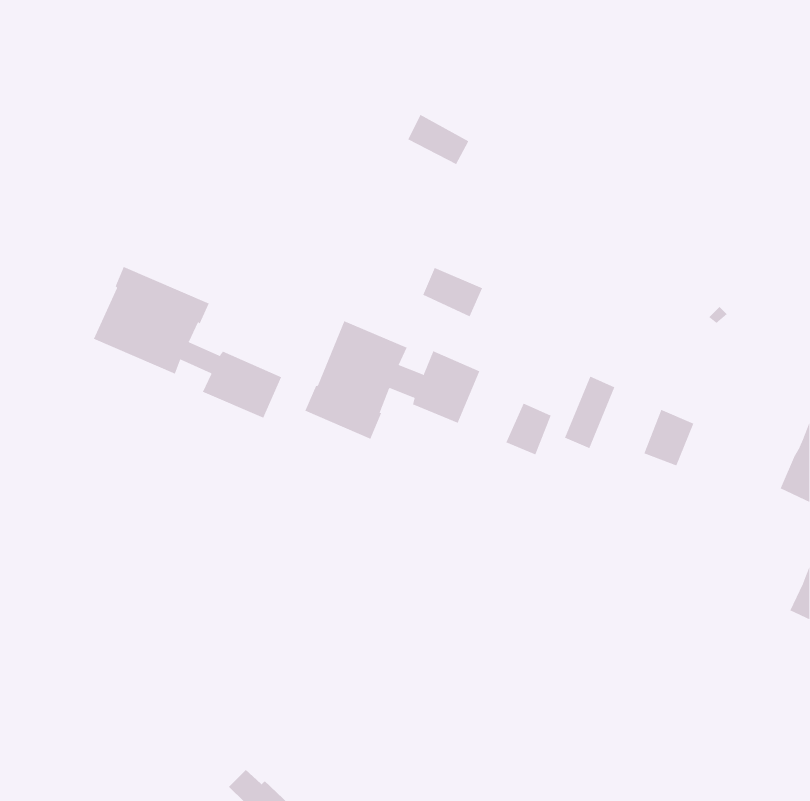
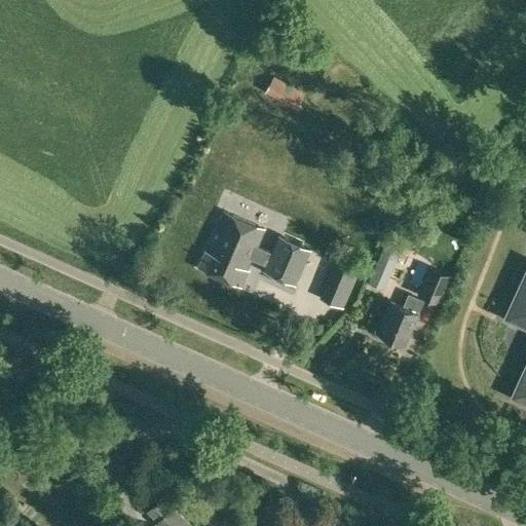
building: [93,266,282,419] -> none
building: [422,267,483,317] -> none
building: none -> [378,299,421,349]

